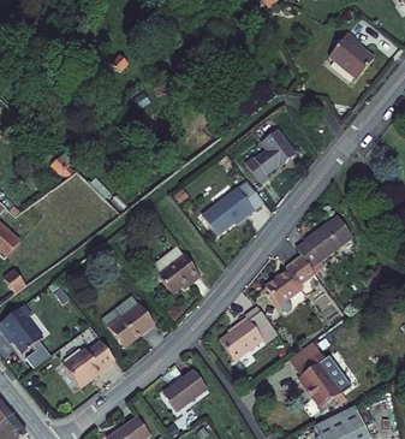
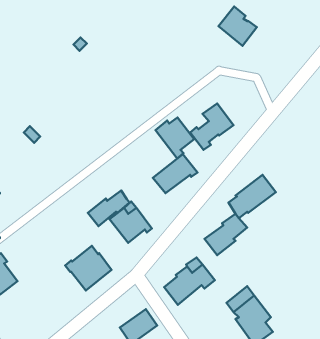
building: [327,34,371,79] -> [219,7,257,46]
building: none -> [156,118,194,158]
building: none -> [88,191,130,226]
building: [64,340,117,388] -> none

